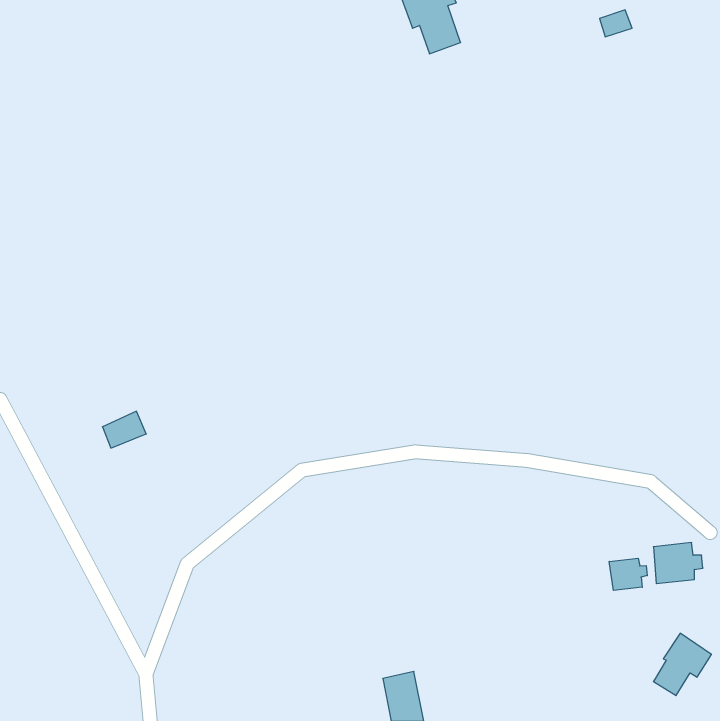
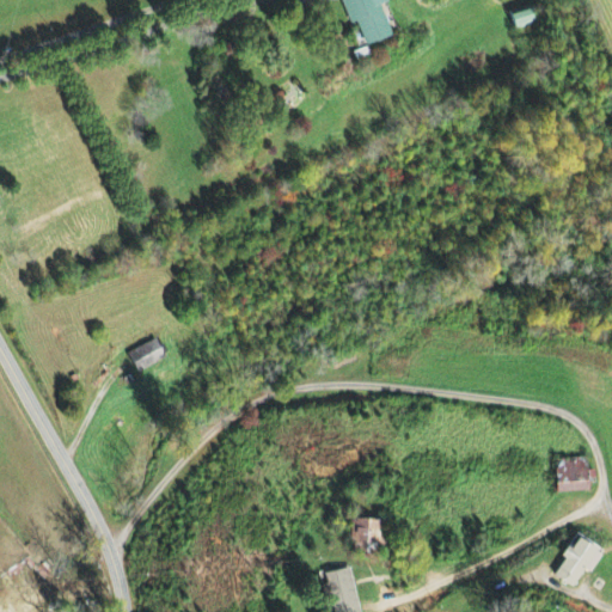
building: [102,411,146,448] -> [129,338,166,369]
building: [609,558,647,590] -> none
building: none -> [350,516,379,551]

